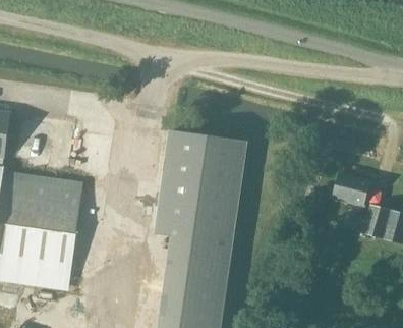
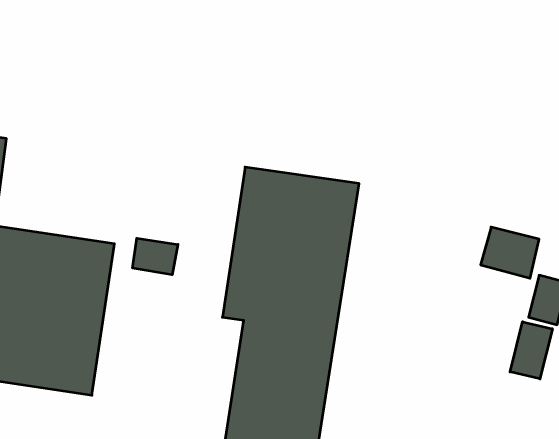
building: none -> [133,238,178,275]
building: none -> [510,322,552,379]

